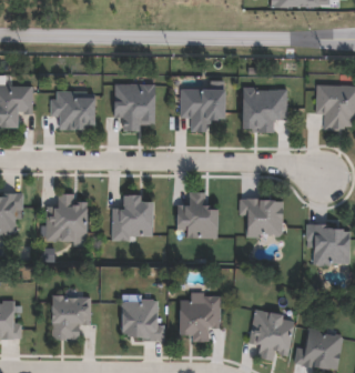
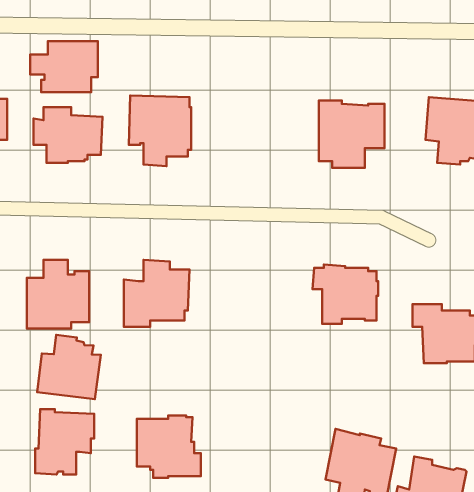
building: none -> [30,41,98,92]
building: [180,89,227,131] -> none
building: [176,192,219,239] -> none
building: none -> [37,335,101,399]
building: [180,292,220,342] -> none

